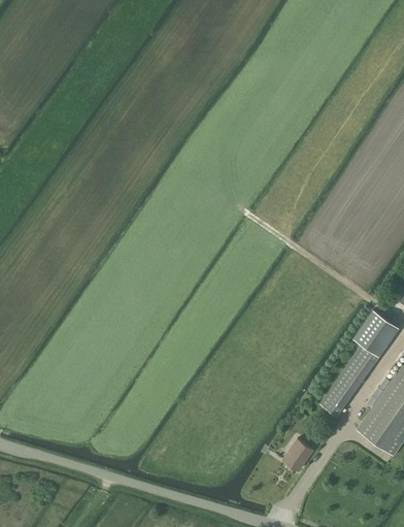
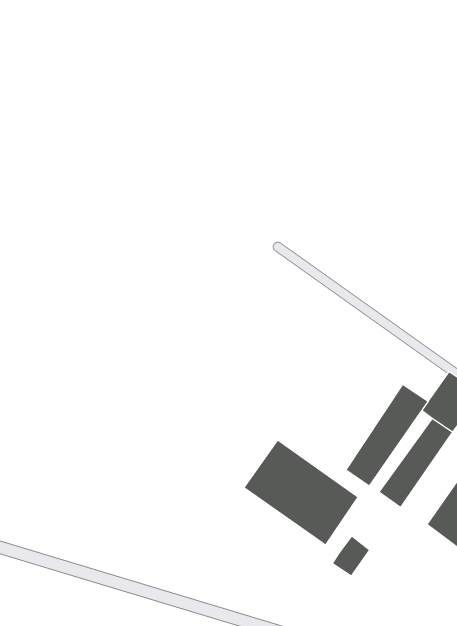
building: none -> [346,384,428,486]
building: none -> [244,440,358,545]

